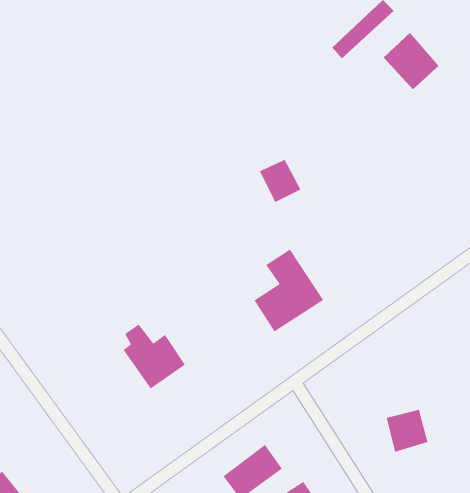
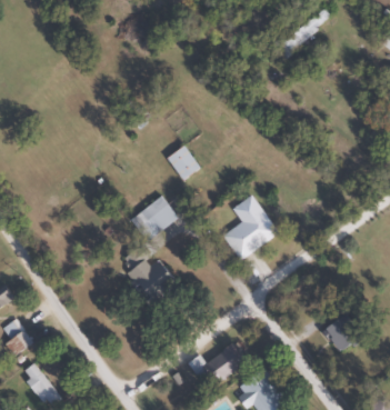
building: [383,32,439,90] -> none
building: [259,159,301,203] -> [168,147,200,180]
building: none -> [131,196,177,241]

